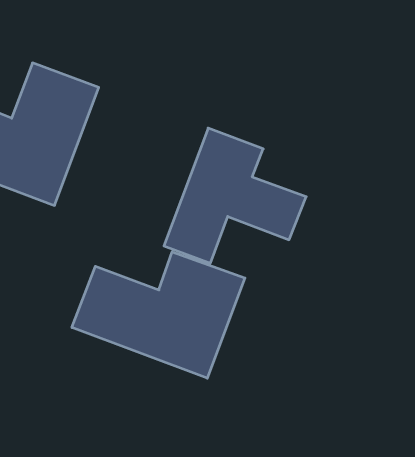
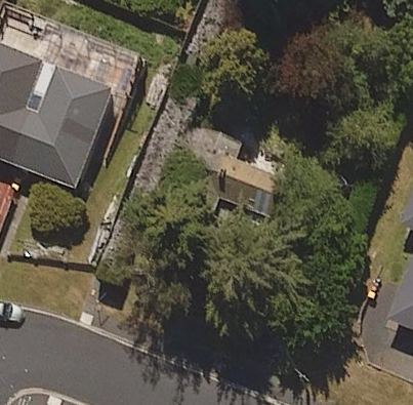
building: [72,252,245,378] -> none

